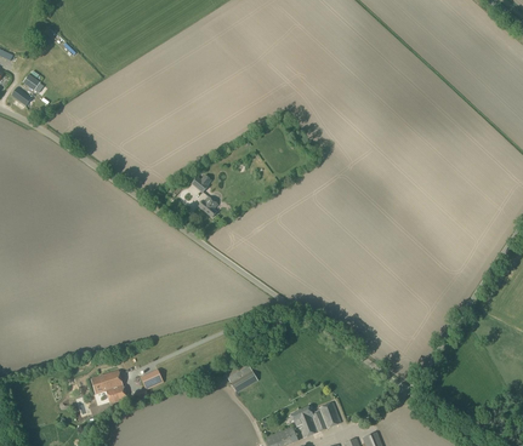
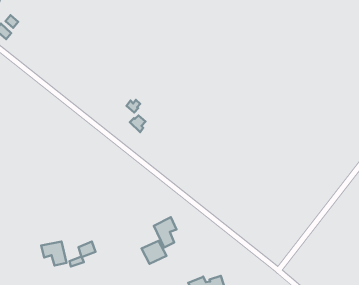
building: none -> [154,217,176,247]

